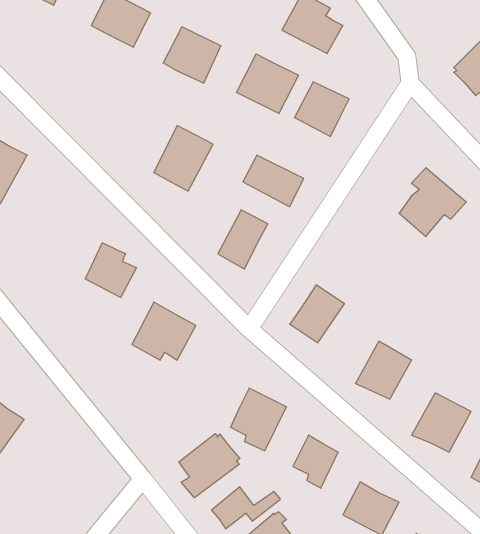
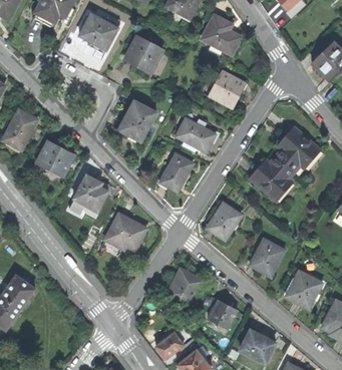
building: [236,54,298,114] -> none
building: none -> [37,140,73,175]
building: none -> [250,155,294,196]
building: [179,434,240,498] -> none

